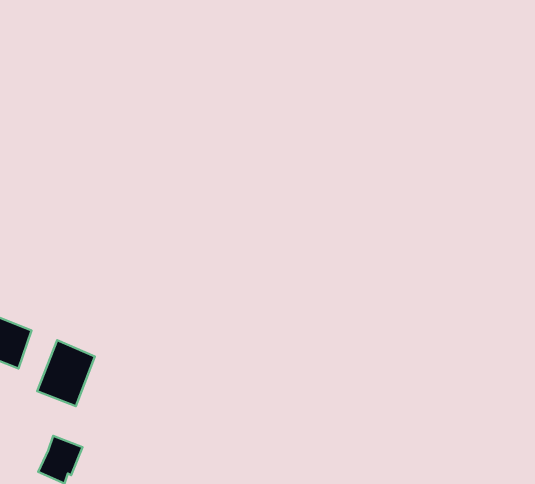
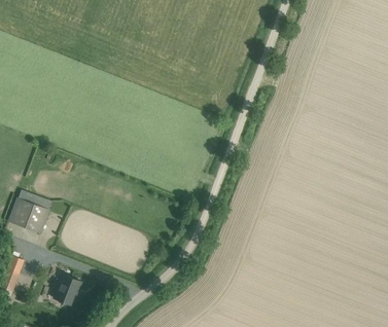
building: [37,340,95,406] -> none

